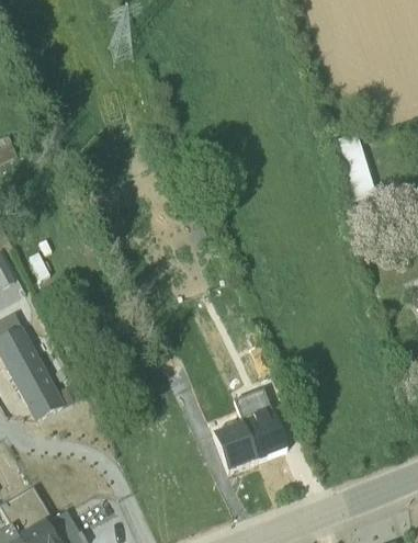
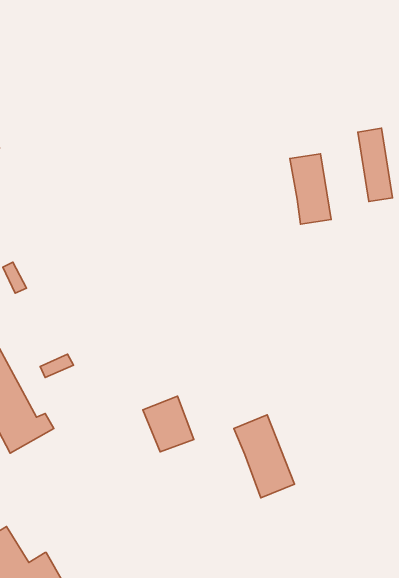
building: none -> [290,154,331,224]
building: [212,423,257,473] -> [143,396,194,452]

